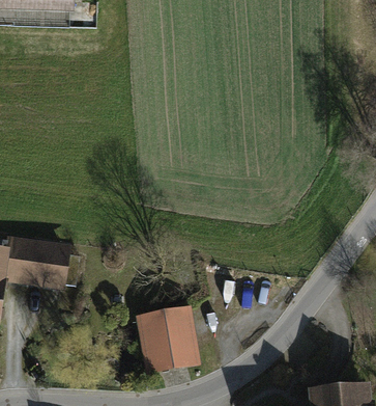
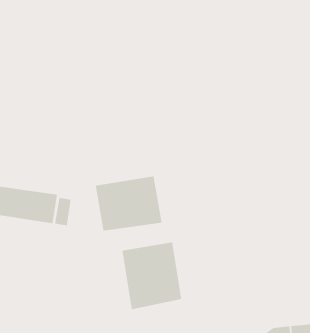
building: none -> [95,176,162,231]

